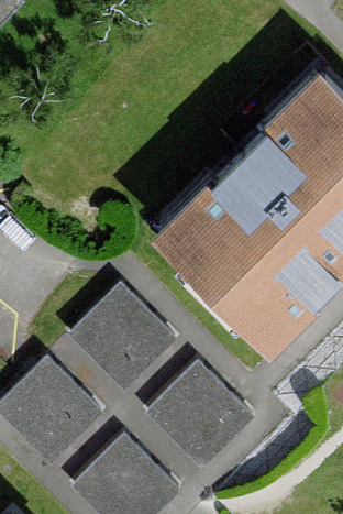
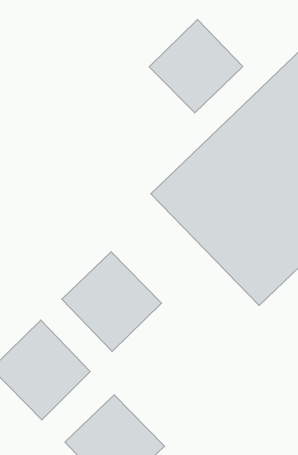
building: none -> [149,19,243,113]
building: [144,363,248,468] -> none

